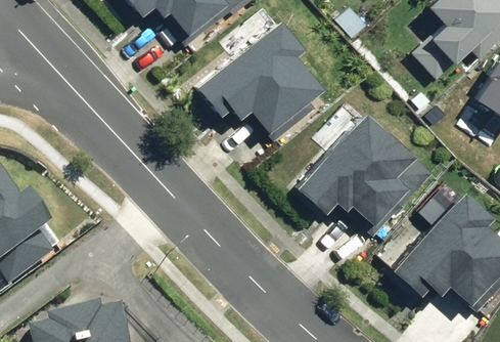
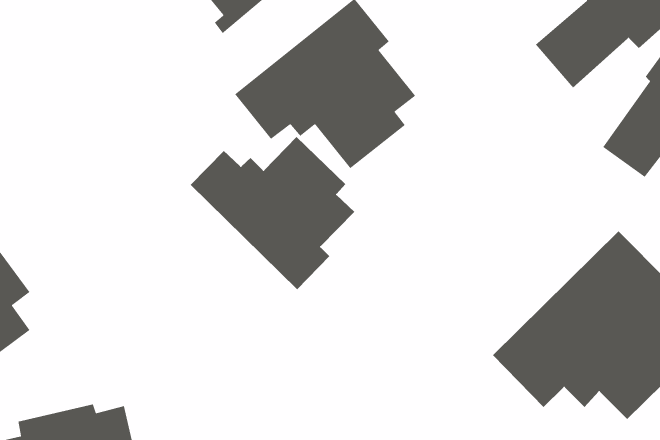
building: [283,108,419,233] -> none
building: none -> [190,136,355,290]

